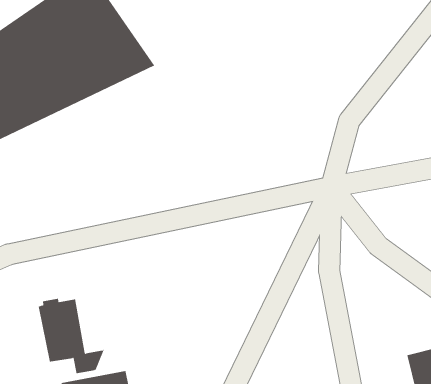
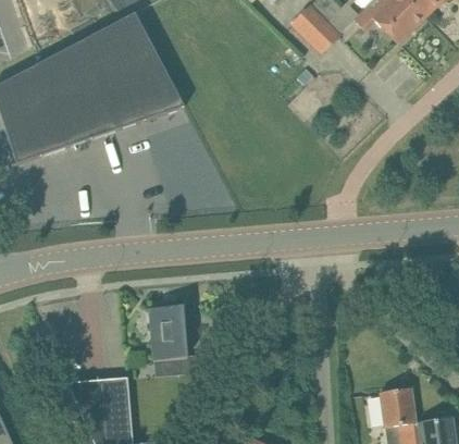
building: [38,298,105,374] -> [149,304,204,374]

